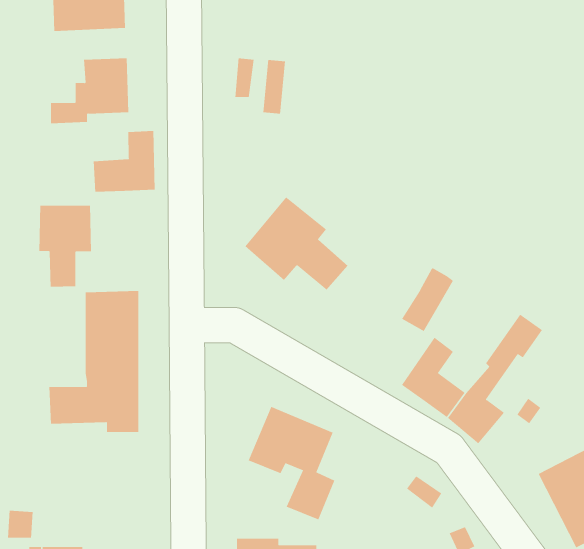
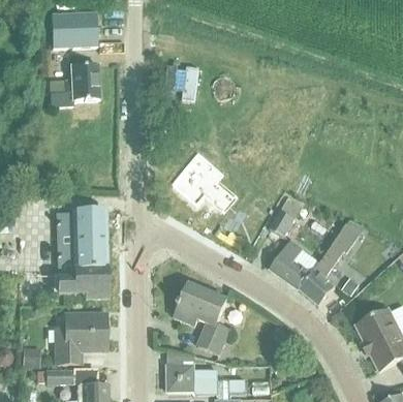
building: [93,130,155,192] -> none
building: [39,205,92,287] -> none
building: none -> [54,312,105,364]

